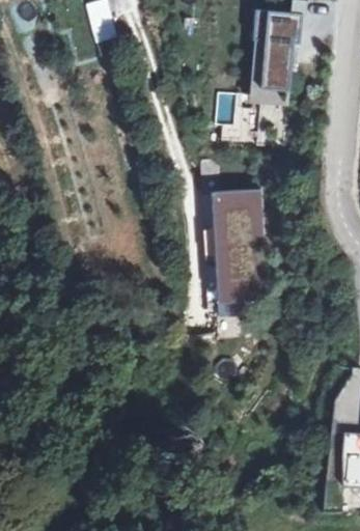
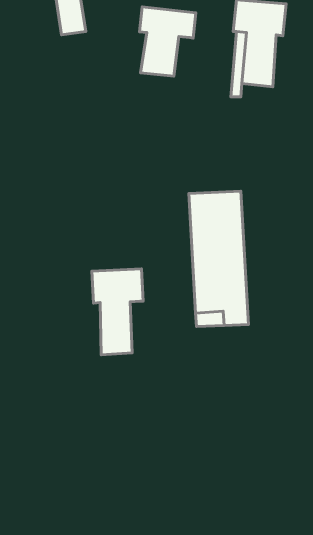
building: none -> [140,7,196,76]
building: none -> [92,269,143,355]

